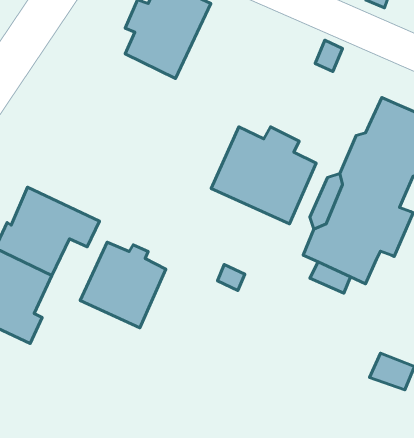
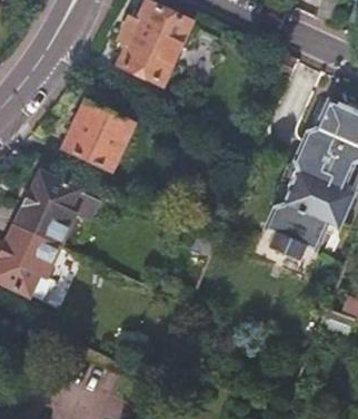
building: [211,127,316,224] -> none
building: [80,242,166,328] -> [62,101,132,172]

